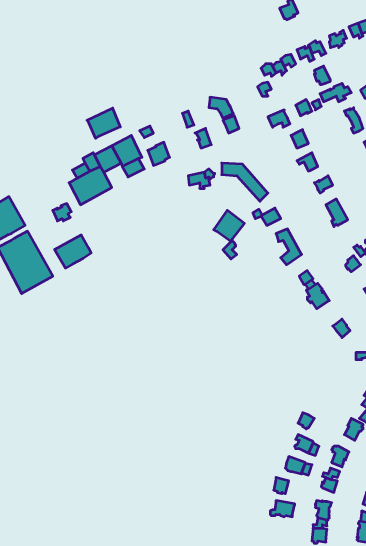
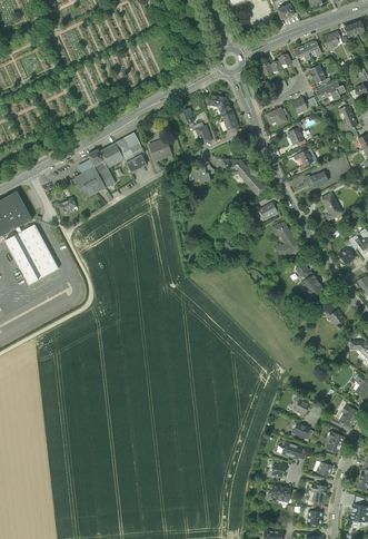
building: [87,108,120,138] -> none
building: [214,210,244,242] -> none
building: [55,235,91,268] -> none

